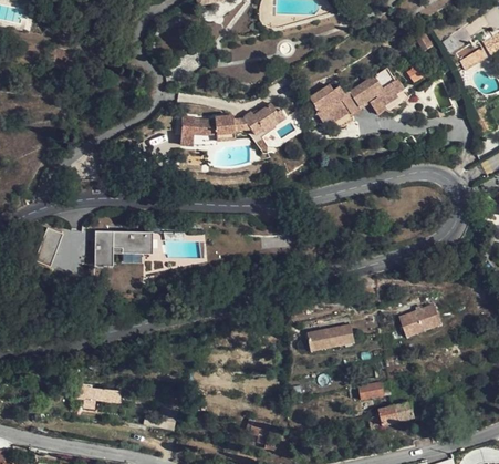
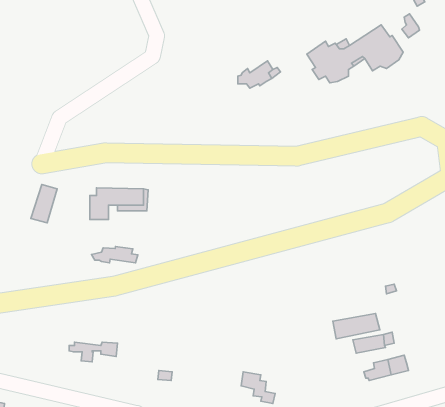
building: [180,117,233,144] -> none
building: none -> [91,247,138,263]
building: [398,306,440,337] -> none
building: [306,324,354,350] -> [333,314,380,339]

